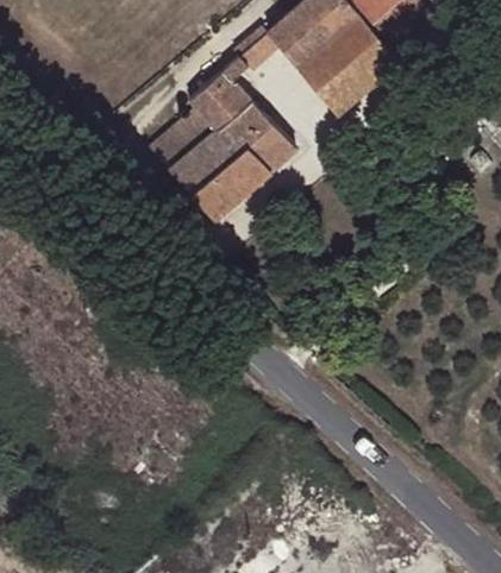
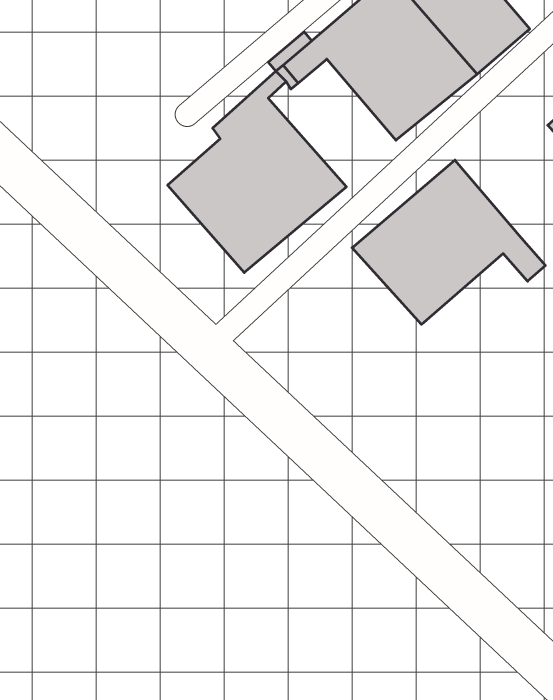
building: none -> [352,160,545,324]

